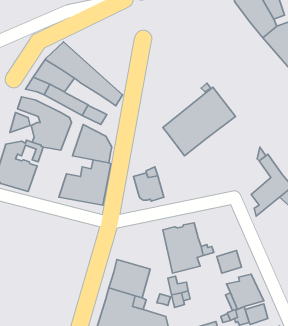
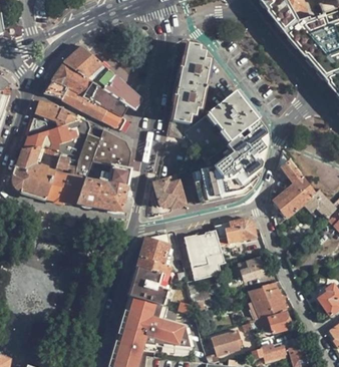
building: none -> [167,43,210,136]
building: none -> [83,84,128,116]
building: none -> [197,120,267,203]
building: none -> [46,124,102,203]
building: none -> [215,218,256,244]
building: none -> [136,237,171,275]

